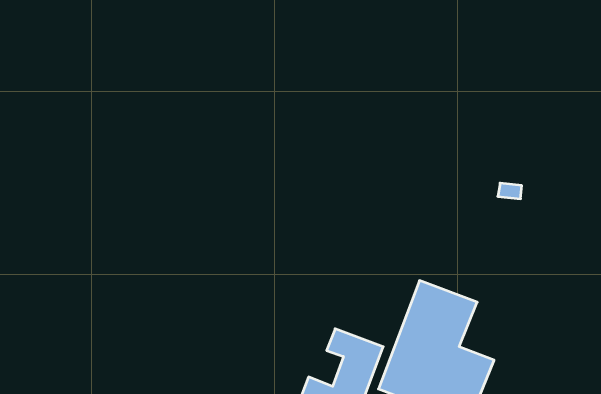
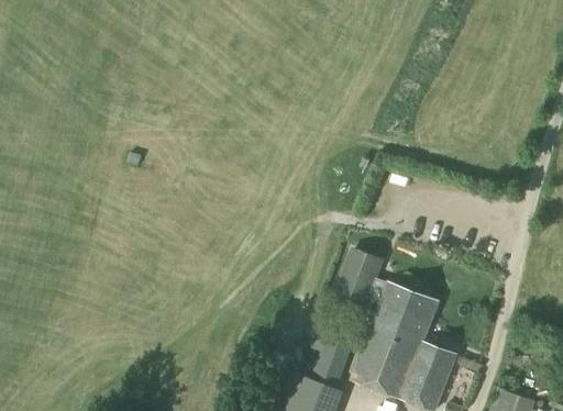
building: none -> [336,251,388,306]

